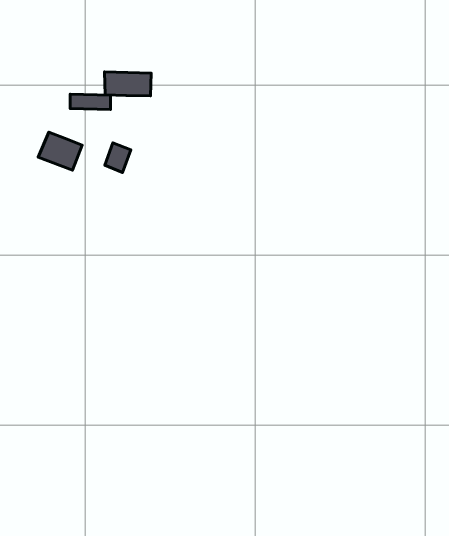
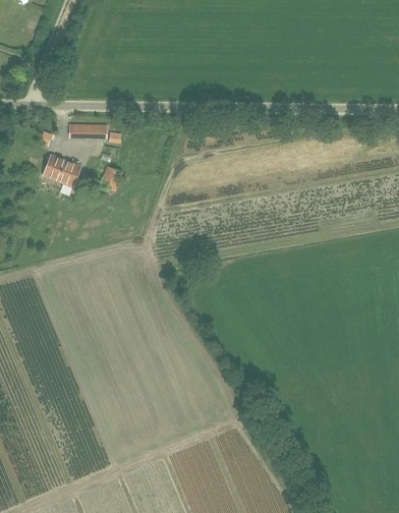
building: [104,72,151,96] -> none

